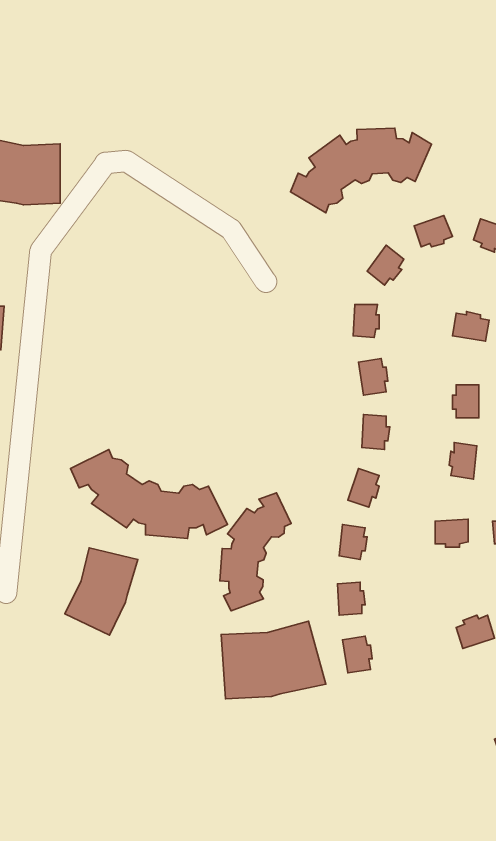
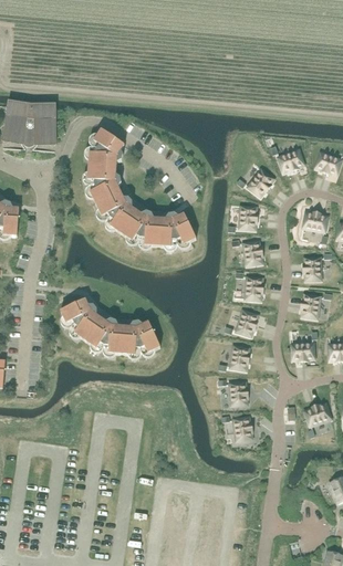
building: [291,128,431,213] -> none
building: none -> [87,129,196,247]
building: [220,493,291,611] -> none
building: [65,548,138,635] -> none
building: [221,621,326,699] -> none

